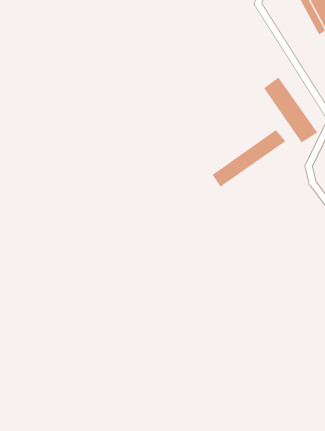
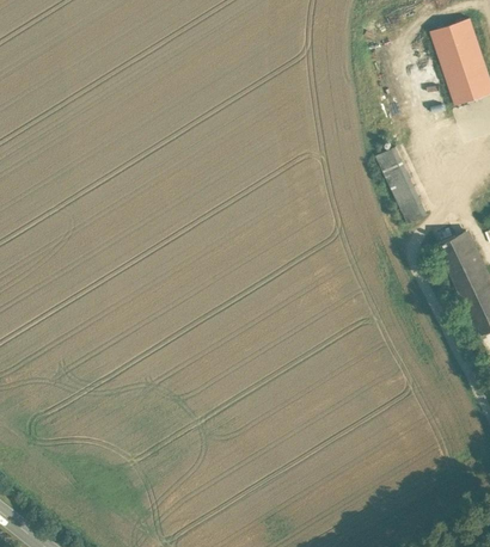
building: [212,129,286,187] -> none

